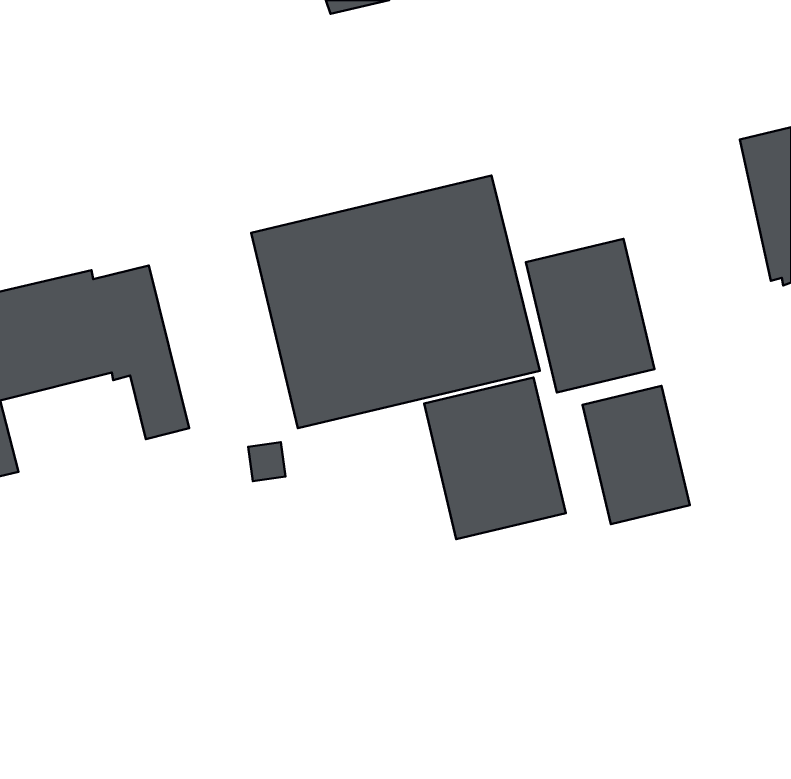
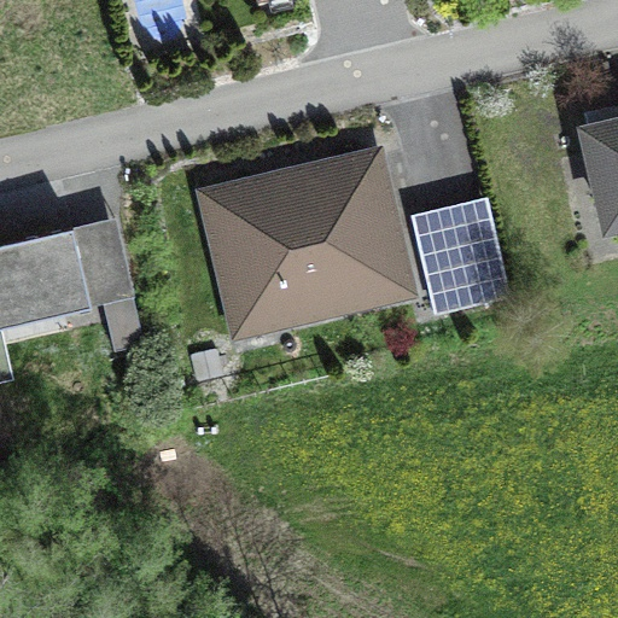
building: [424,378,566,539] -> none
building: [582,386,690,524] -> none

